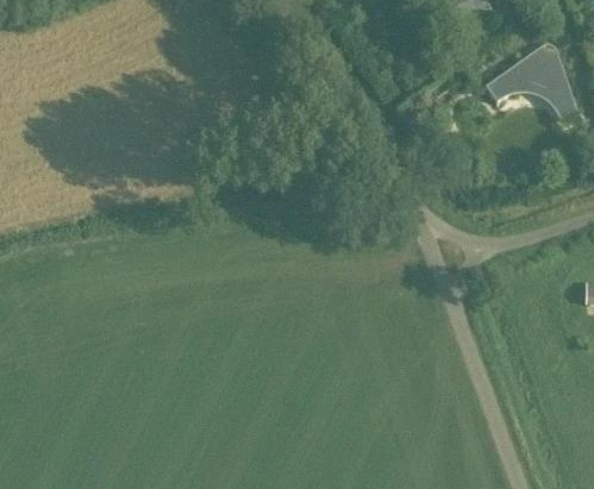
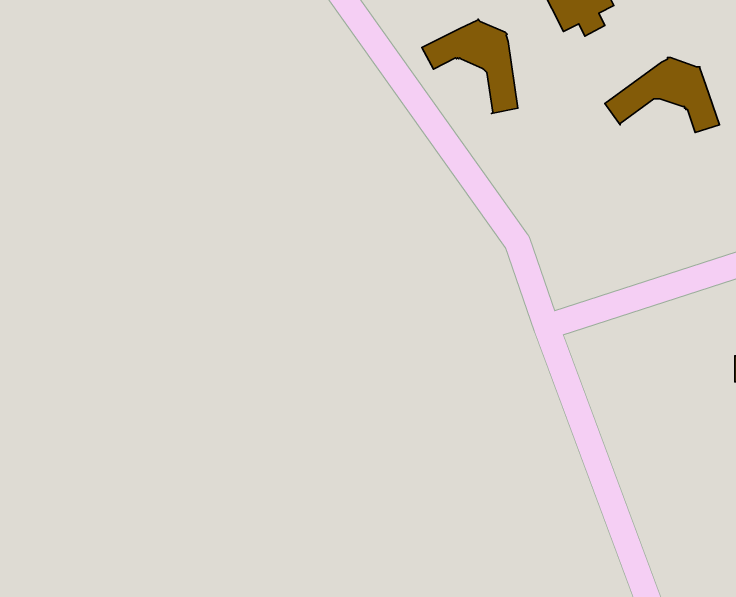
building: none -> [422,19,518,113]

